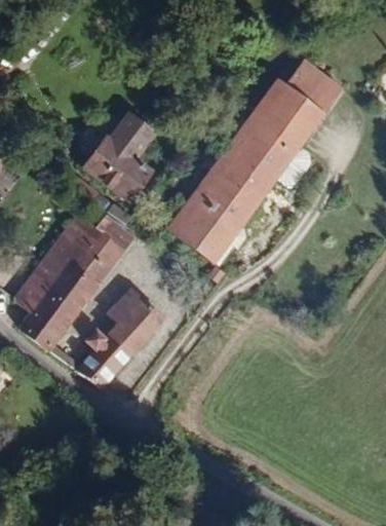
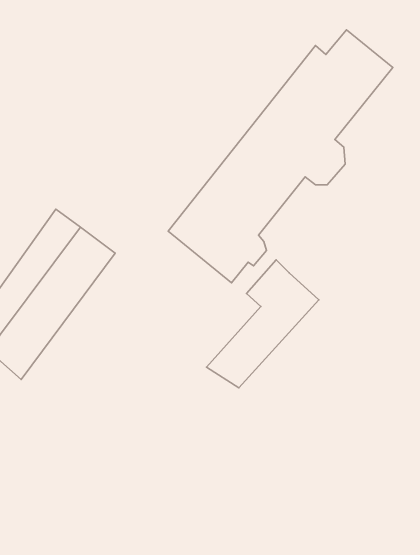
building: [81,108,157,202] -> none
building: [86,277,176,379] -> [207,260,319,388]

